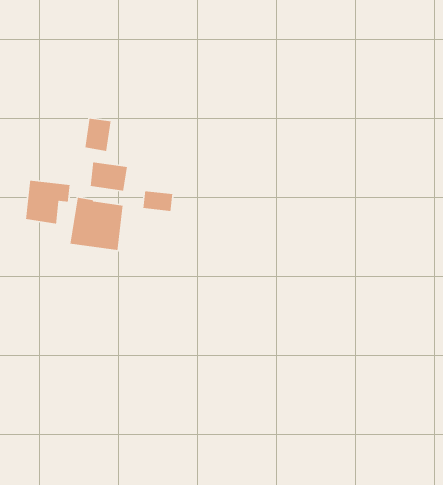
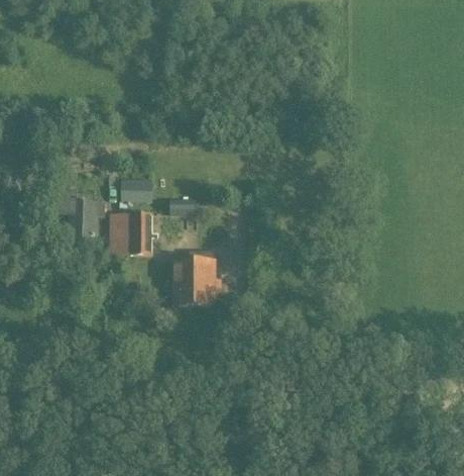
building: [84,118,111,152] -> none
building: none -> [173,251,213,304]

